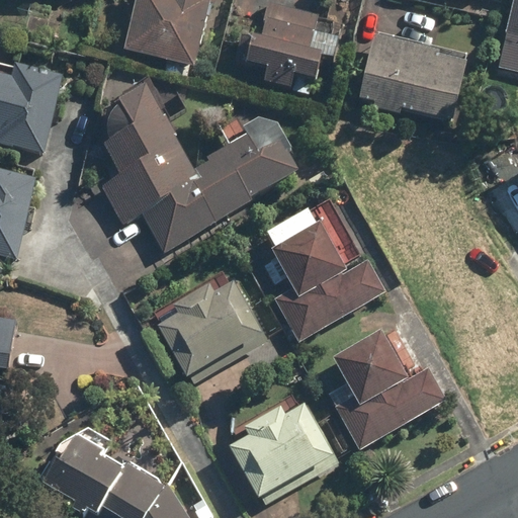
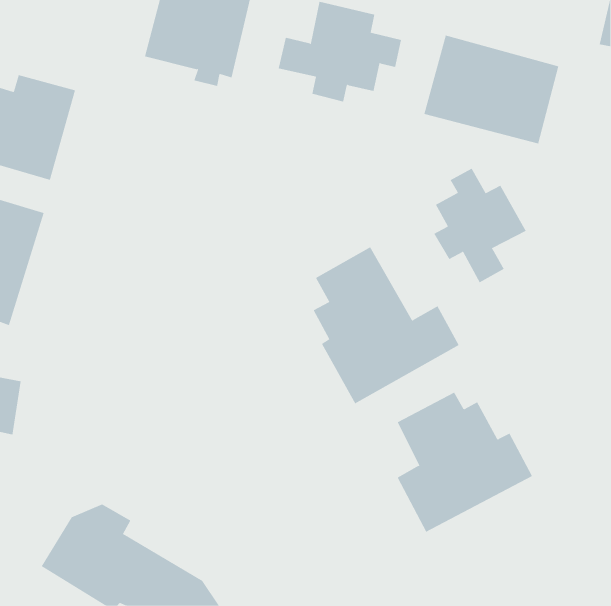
building: [100,83,299,253] -> none
building: none -> [434,168,526,283]
building: [157,278,262,373] -> none
building: [231,402,335,497] -> none

